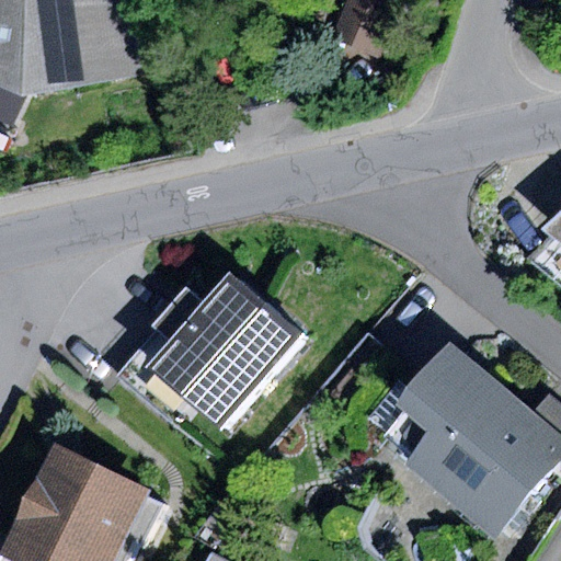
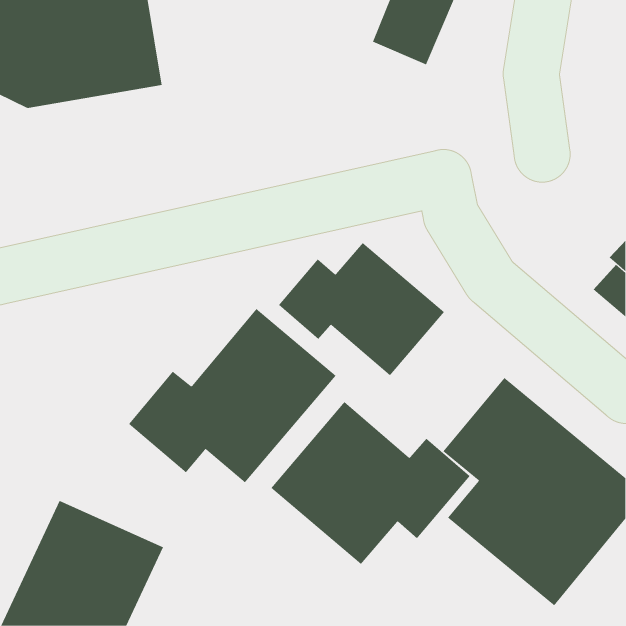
building: none -> [278,242,445,376]
building: none -> [270,401,471,565]

